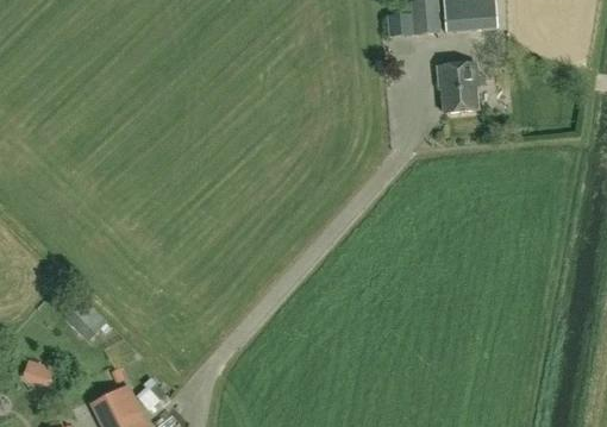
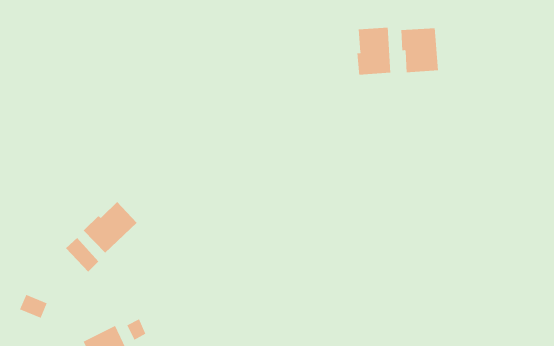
building: none -> [357,27,391,75]
building: none -> [83,201,138,253]

